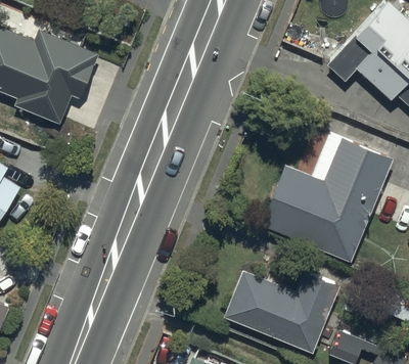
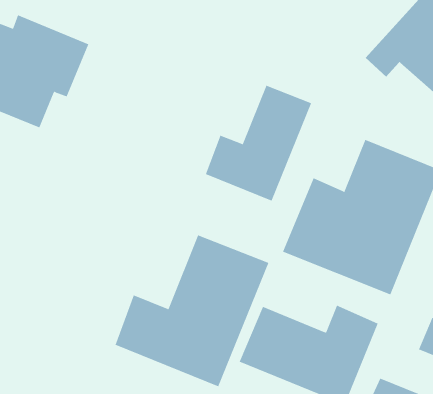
building: none -> [205,85,312,201]
building: none -> [115,235,269,387]

